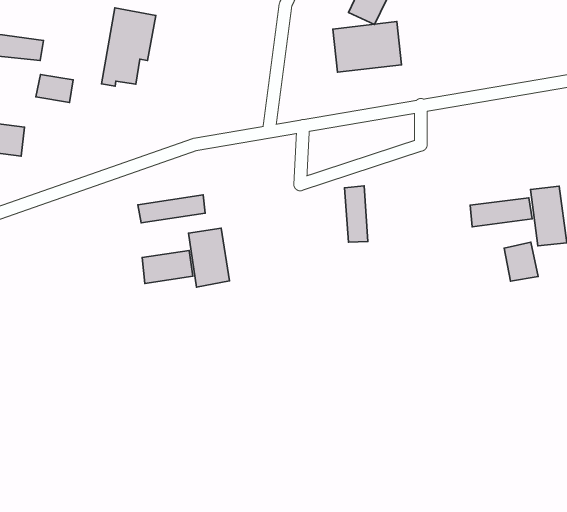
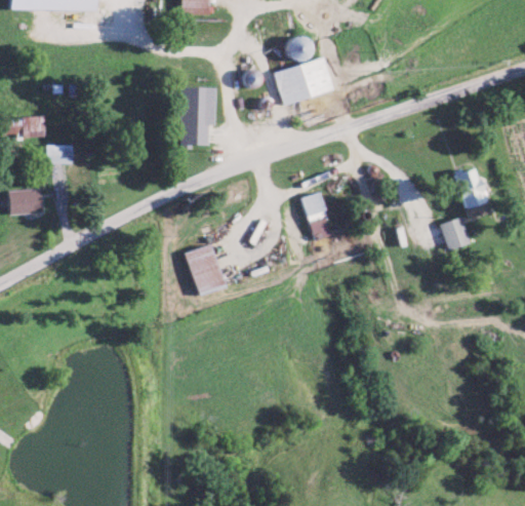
building: [101,8,156,86] -> [181,86,216,149]
building: [138,195,205,223] -> none
building: [470,198,532,227] -> none
building: [142,251,193,284] -> none

